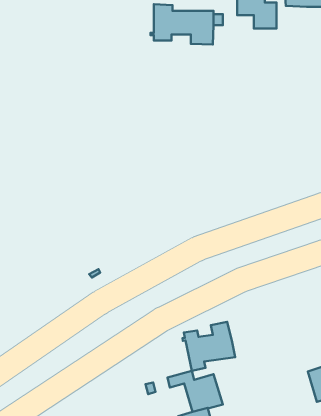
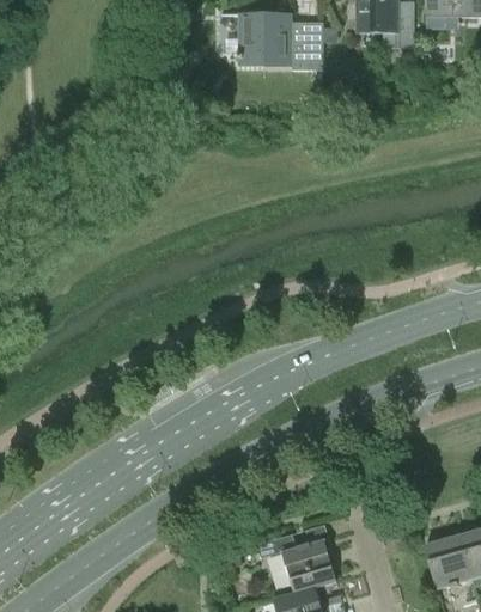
building: [182,322,235,371] -> none
building: none -> [425,534,471,588]

